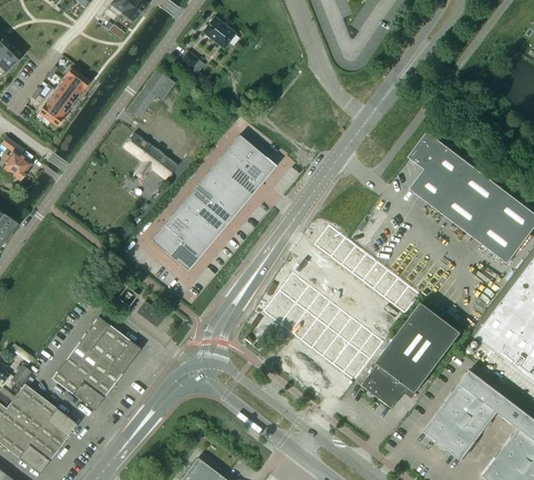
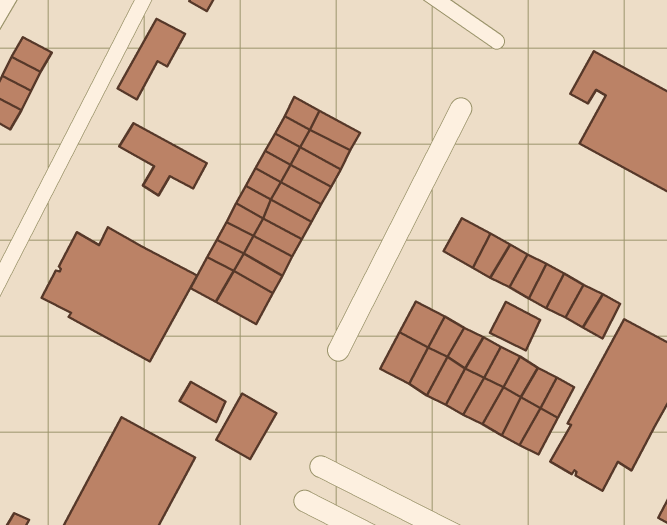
building: none -> [42,227,197,361]
building: none -> [490,302,540,351]
building: none -> [216,394,277,459]

